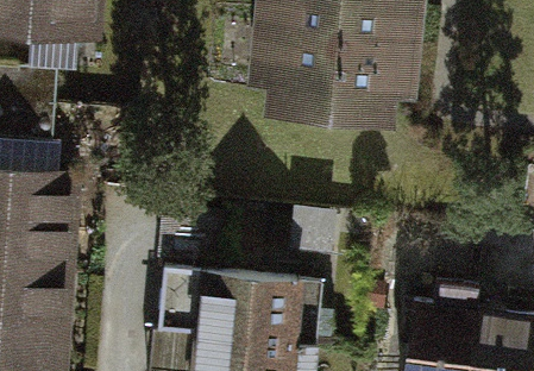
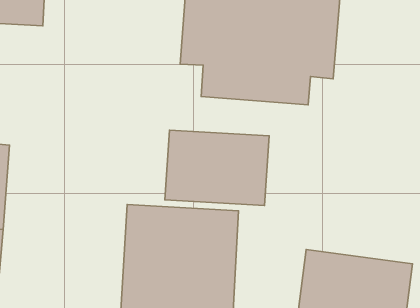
building: none -> [165,130,269,205]

